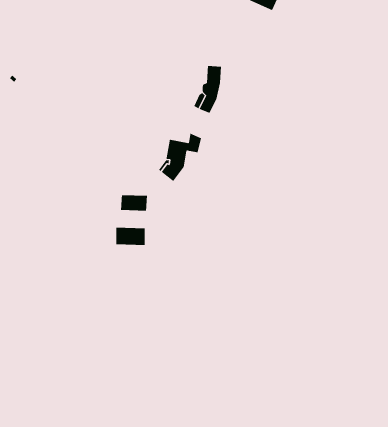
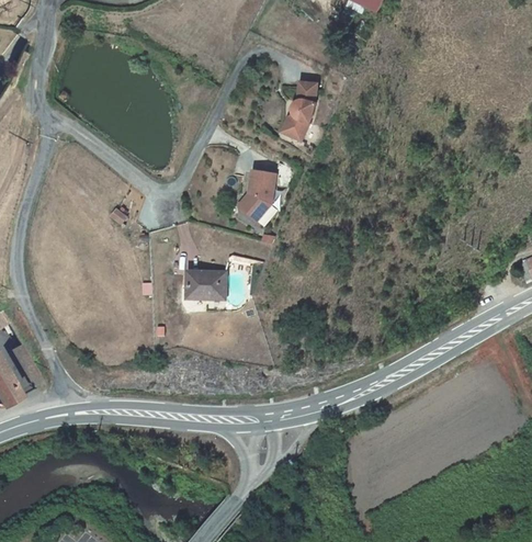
building: [120,194,147,211] -> none

